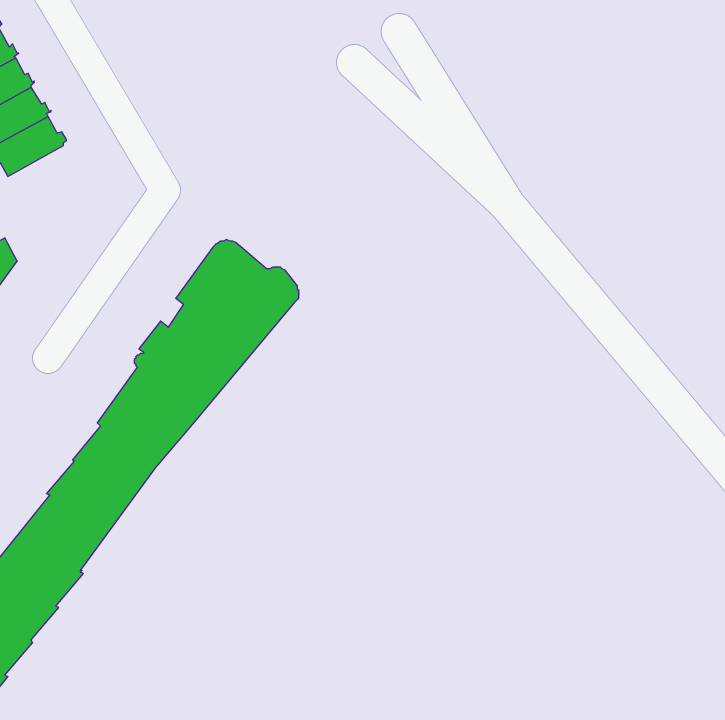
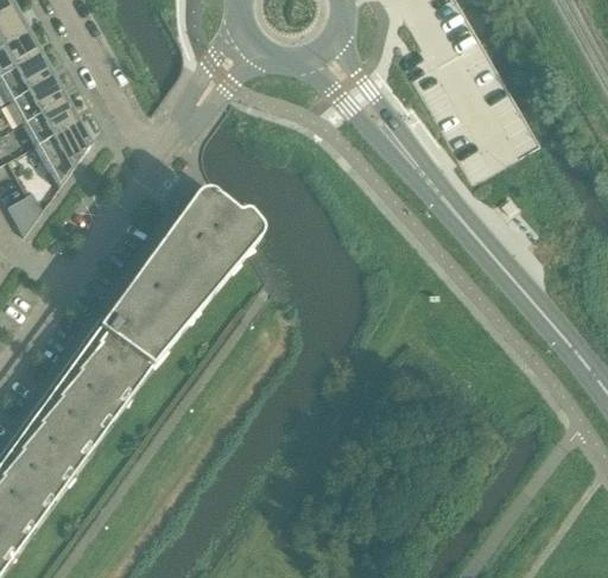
building: none -> [33,116,90,183]

